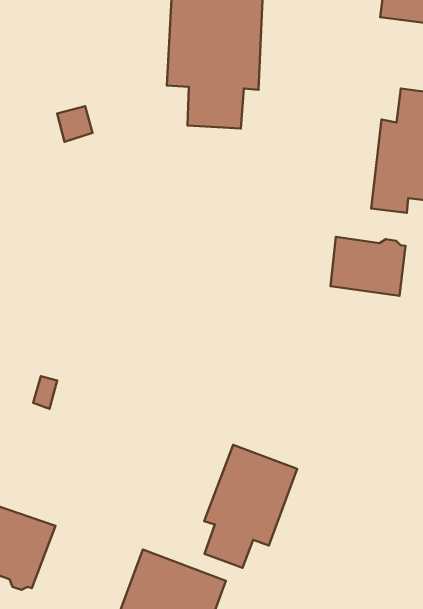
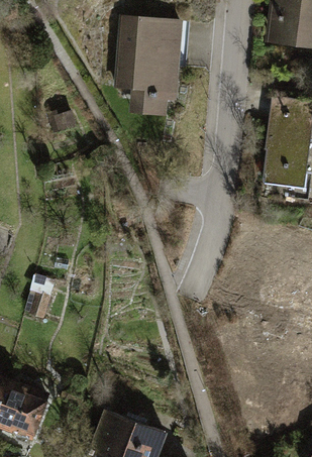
building: [331,237,405,296] -> none
building: [204,445,297,568] -> none

